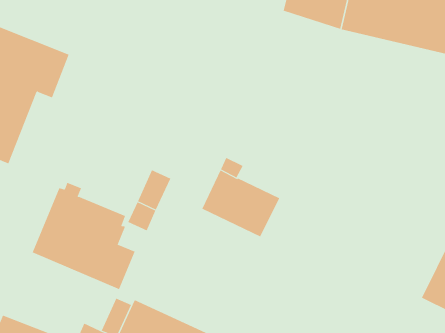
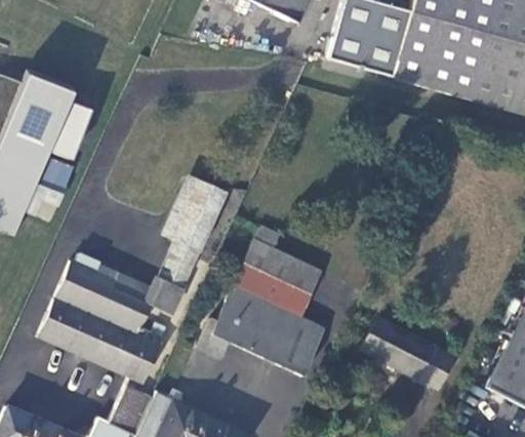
building: none -> [165,178,227,251]
building: none -> [201,286,326,376]
building: none -> [368,321,451,387]

